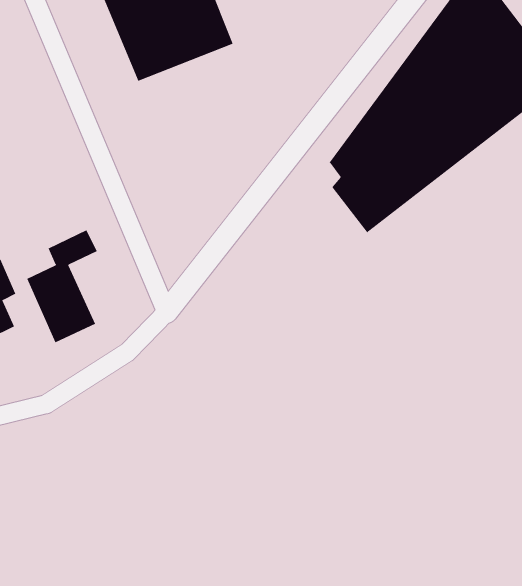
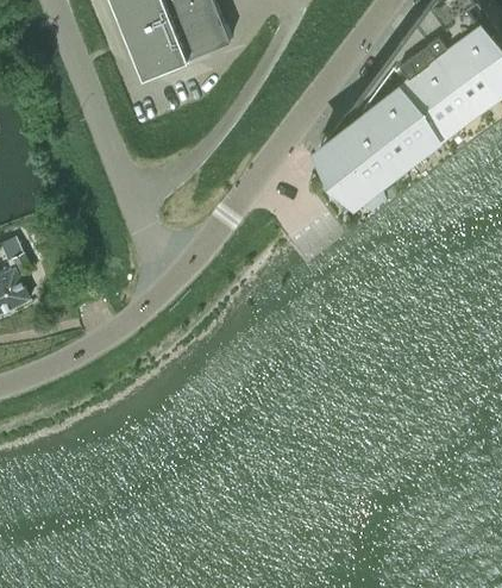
building: [27,229,98,343] -> none

